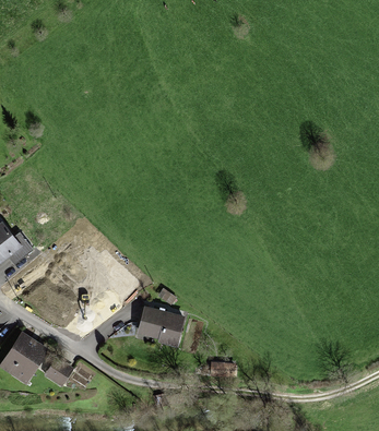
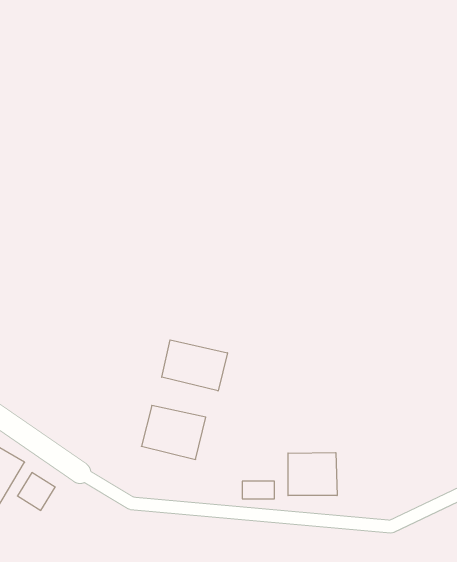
building: none -> [162,340,227,391]
building: none -> [288,453,337,496]

